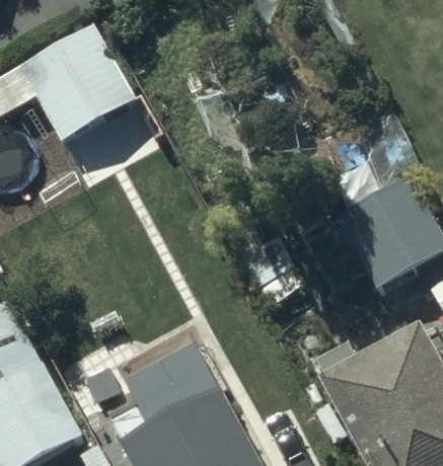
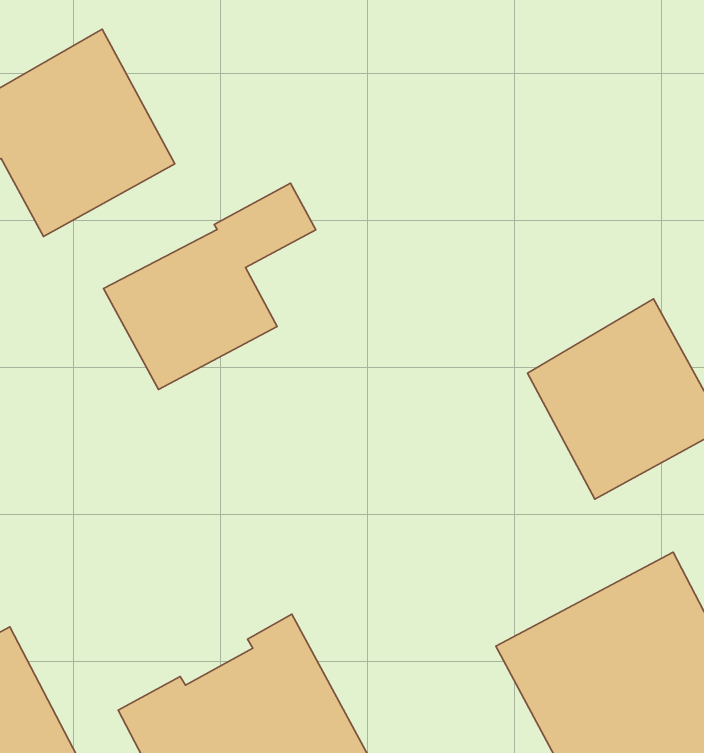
building: none -> [103,183,316,390]

